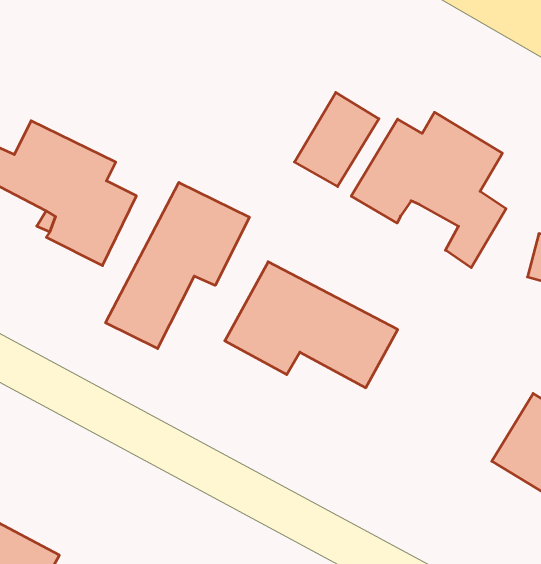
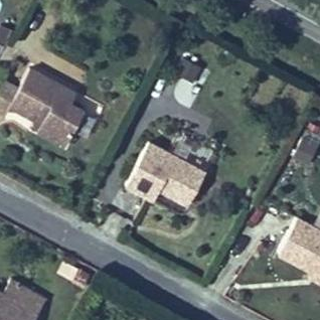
building: [351,112,506,268] -> none
building: [106,182,249,349] -> none

